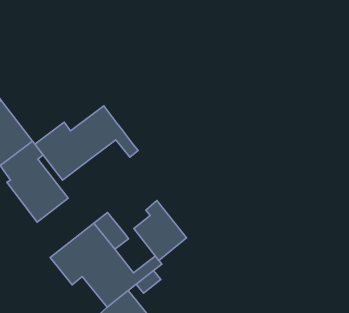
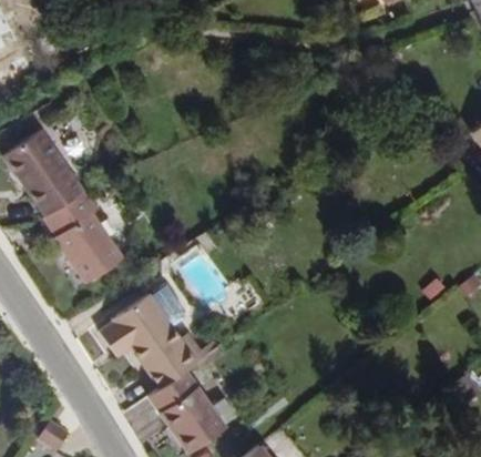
building: [35,106,138,180] -> none
building: [134,201,187,260] -> none

